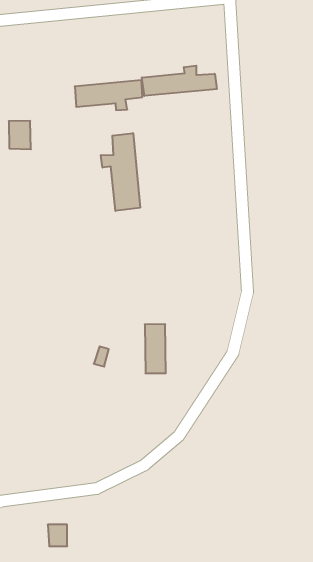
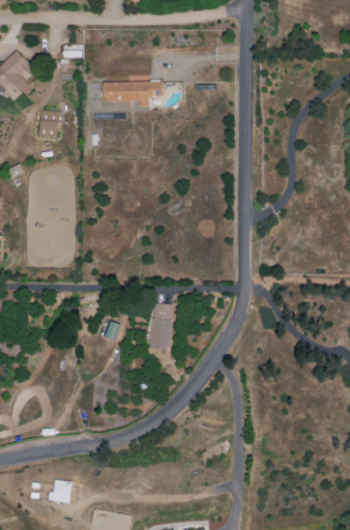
building: [142,66,217,96] -> none
building: [101,133,140,211] -> none

